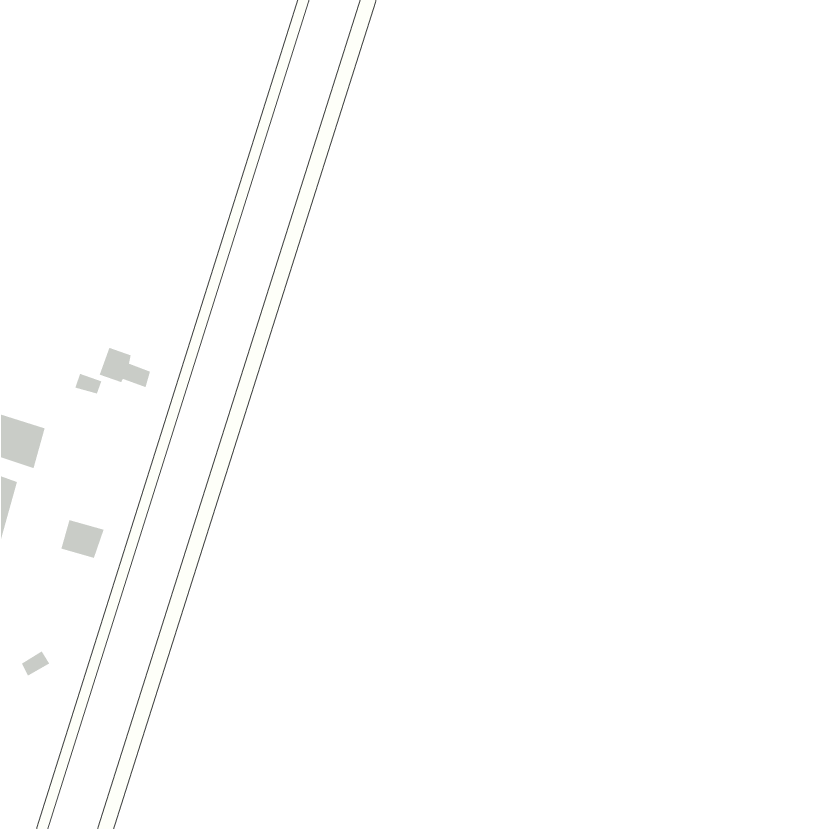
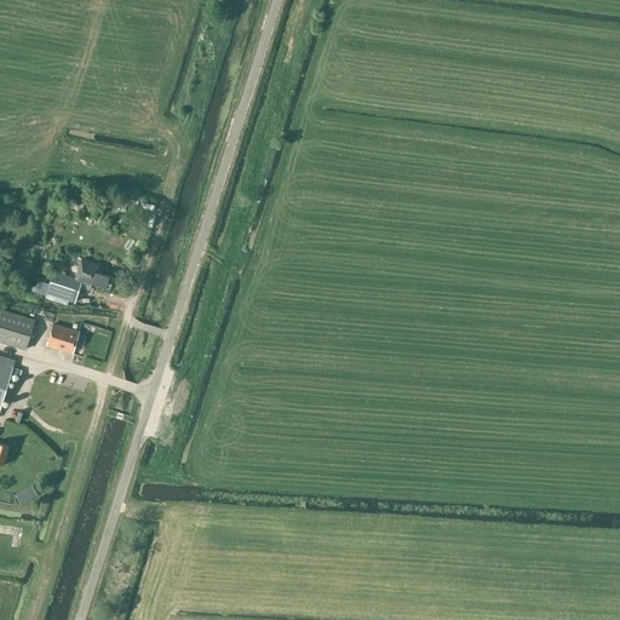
building: [61,520,104,559] -> [46,325,79,354]

